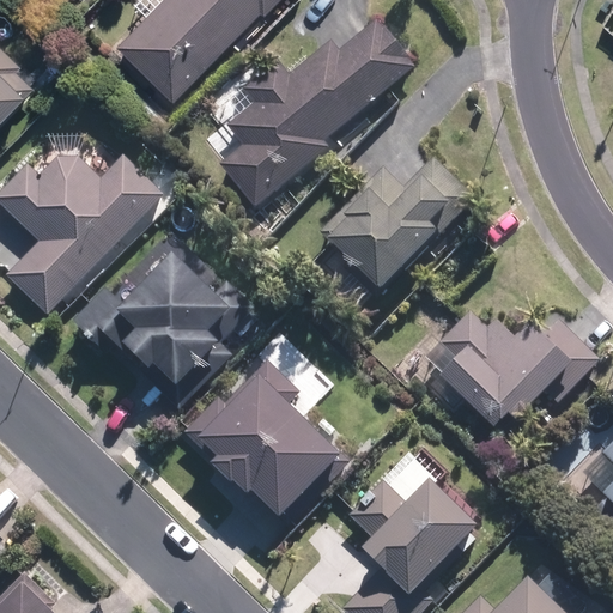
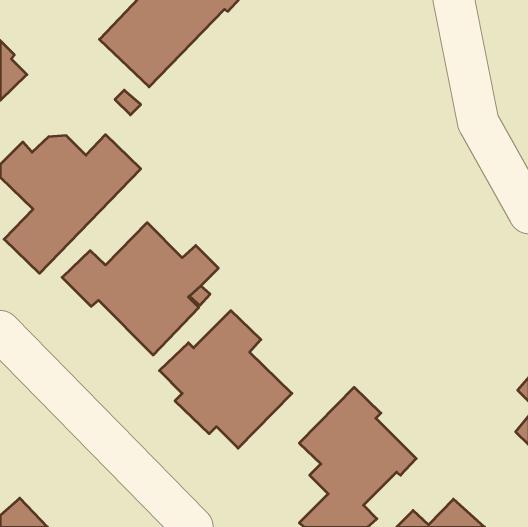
building: [219,19,415,208] -> none
building: [320,157,475,292] -> none
building: [437,311,600,432] -> none

